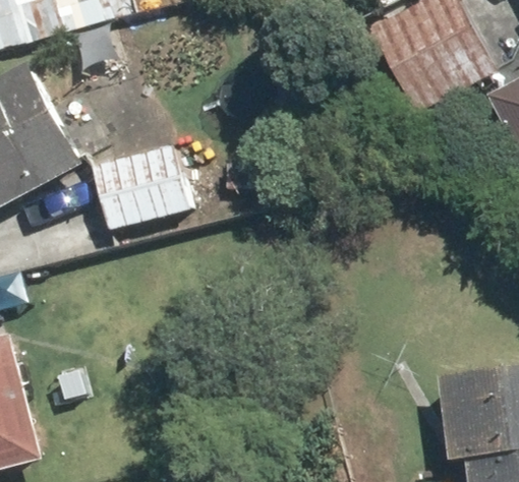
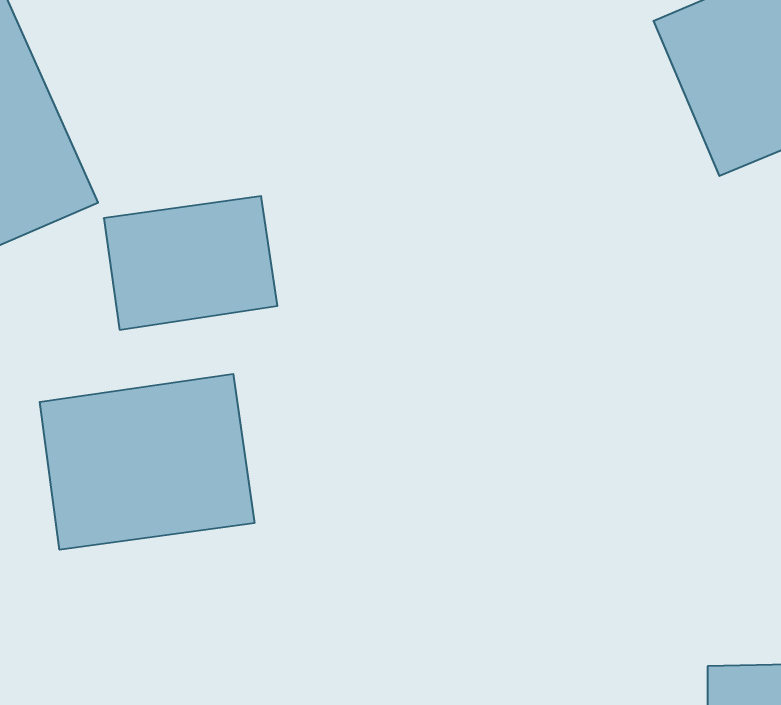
building: none -> [40,374,254,550]

